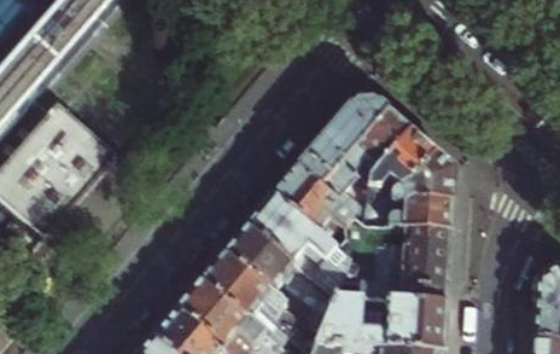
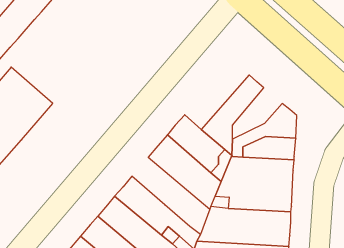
building: [298,103,387,186] -> none
building: [364,128,433,199] -> none
building: [224,225,333,332] -> none

